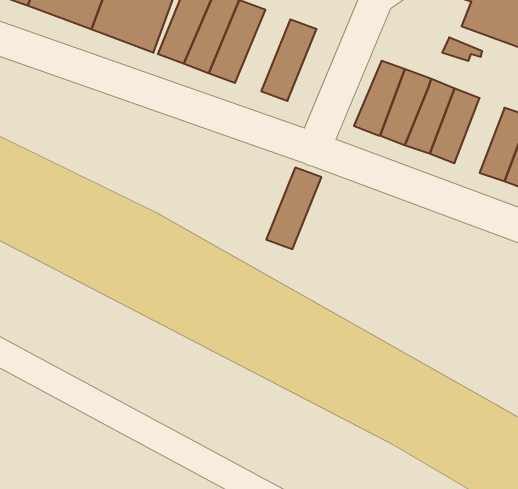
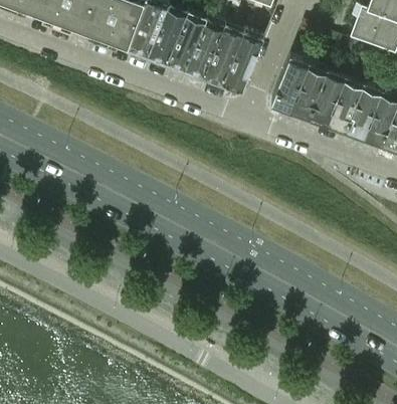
building: none -> [184,22,224,81]
building: none -> [344,86,380,141]
building: [266,168,321,249] -> [222,36,262,95]

